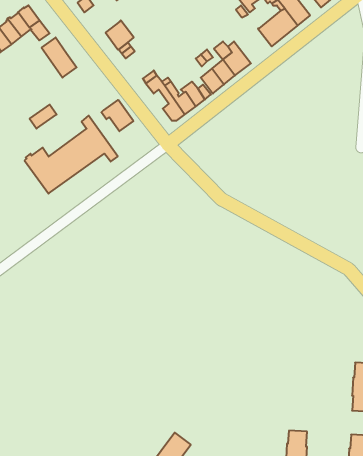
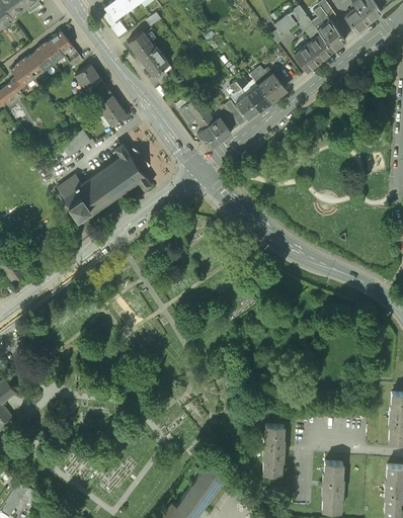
building: none -> [127,31,153,59]
building: [101,100,133,131] -> [93,94,126,125]
building: none -> [262,424,283,473]

